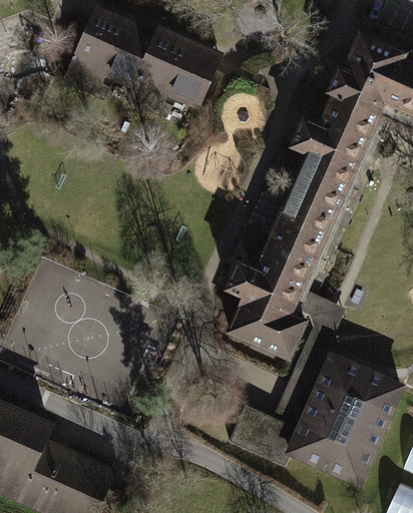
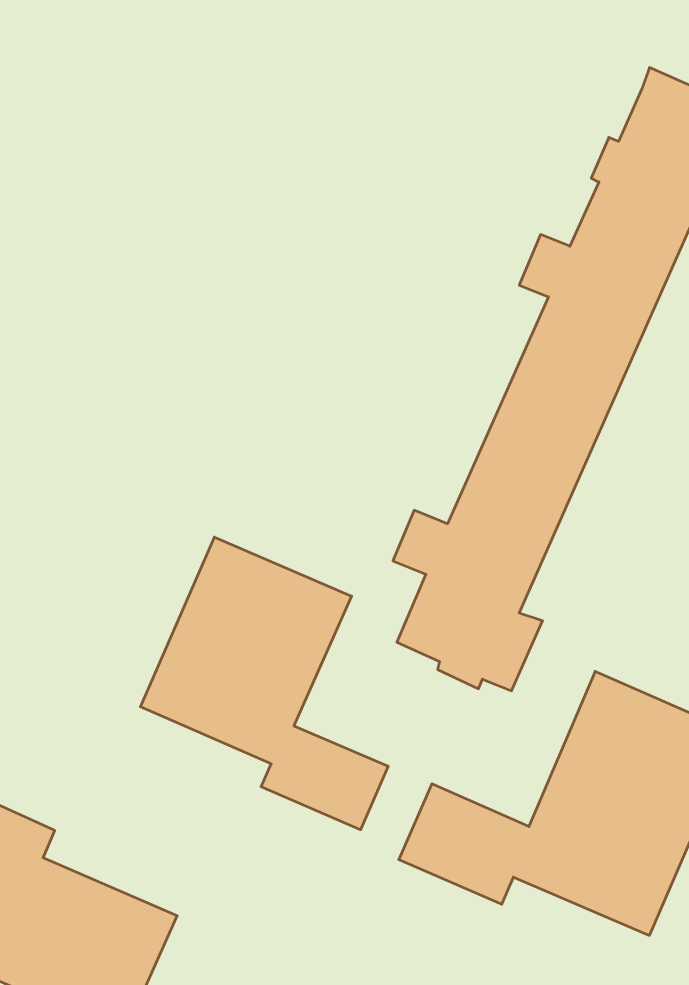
building: [65,6,224,111] -> none
building: none -> [140,537,388,830]

